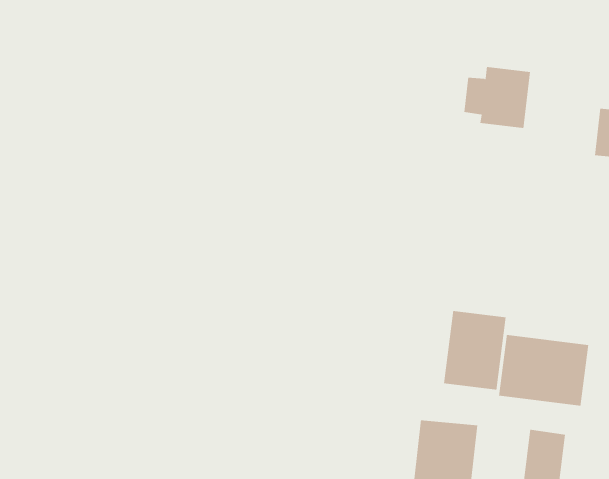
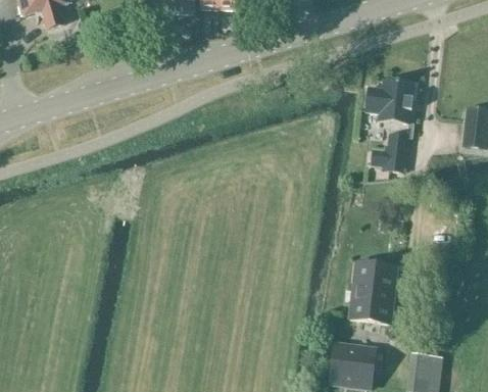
building: none -> [381,131,408,171]
building: [498,334,589,407] -> none

